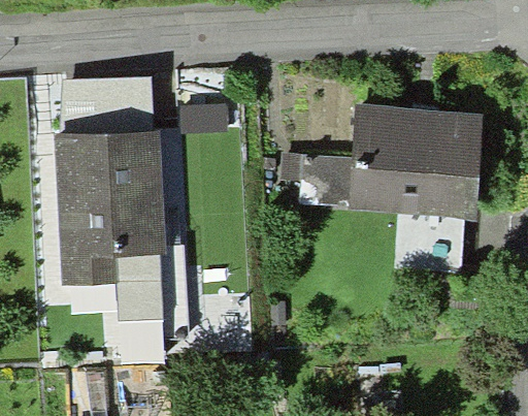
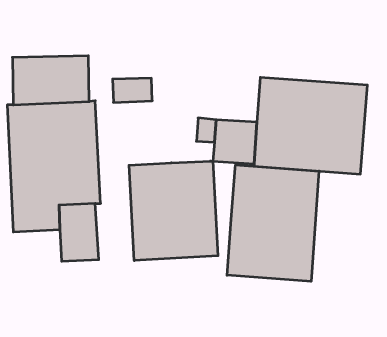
building: none -> [129,161,218,261]
building: none -> [227,165,319,281]

